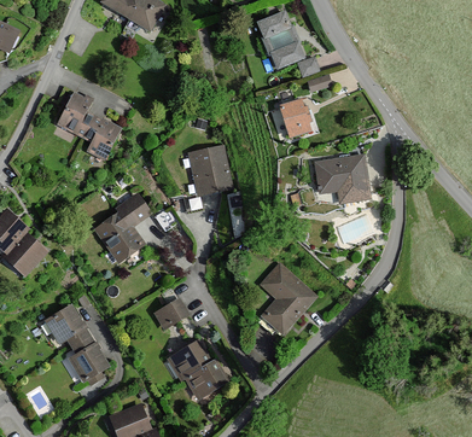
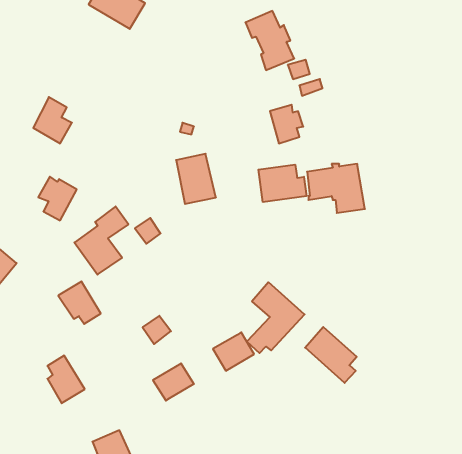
building: [83,117,120,158] -> [38,177,77,220]
building: none -> [258,165,306,202]
building: [47,305,87,345] -> [58,281,101,324]
building: none -> [305,327,357,383]
building: [186,360,225,396] -> [213,332,254,371]

